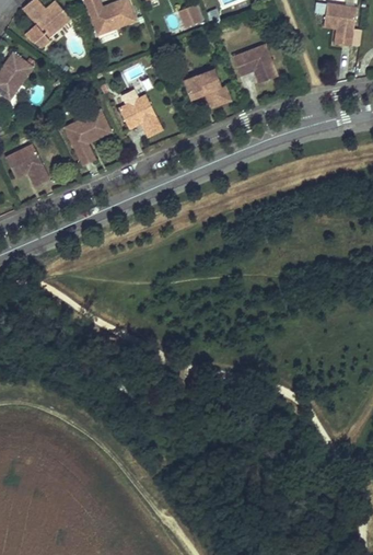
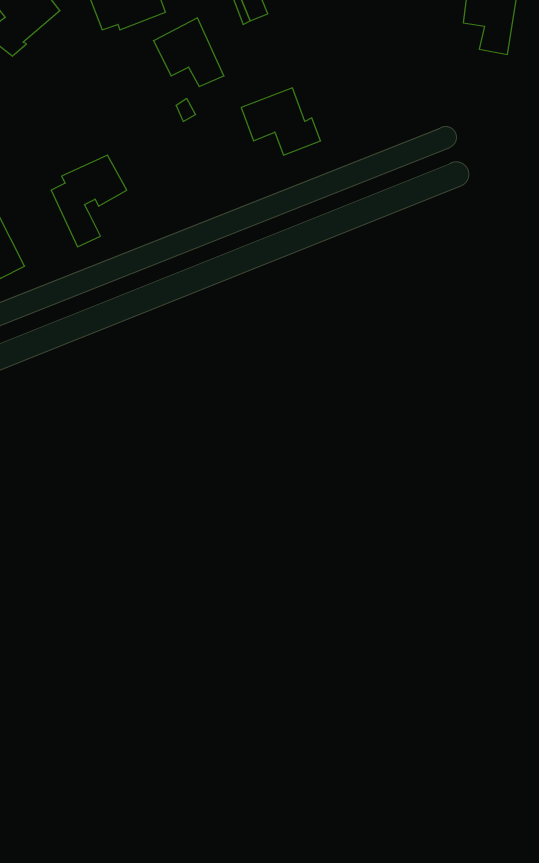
building: [234,45,279,83] -> none
building: [119,94,163,137] -> [153,18,224,87]

